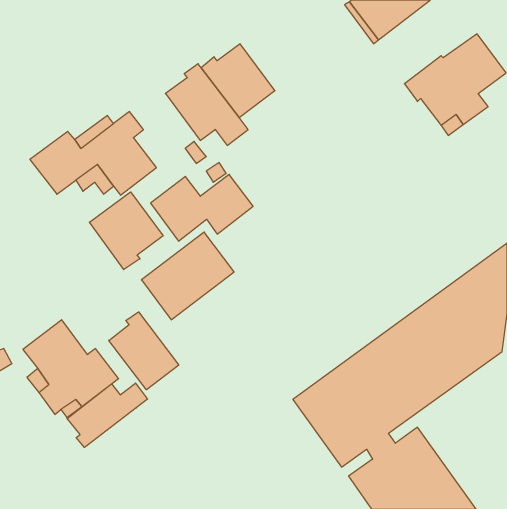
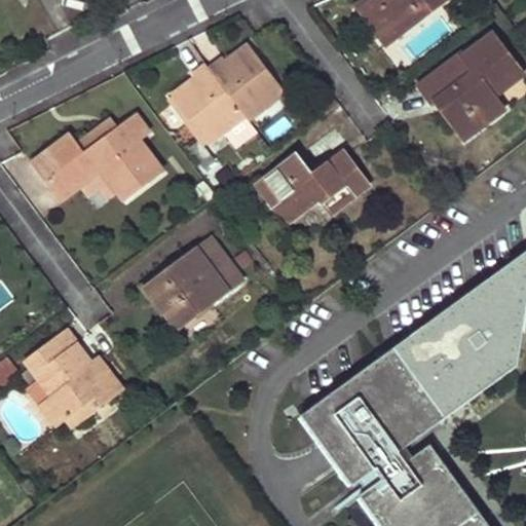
building: [151,174,253,241] -> [261,152,367,221]
building: [89,192,163,270] -> none
building: [109,312,179,390] -> none
building: [67,383,148,447] -> none

